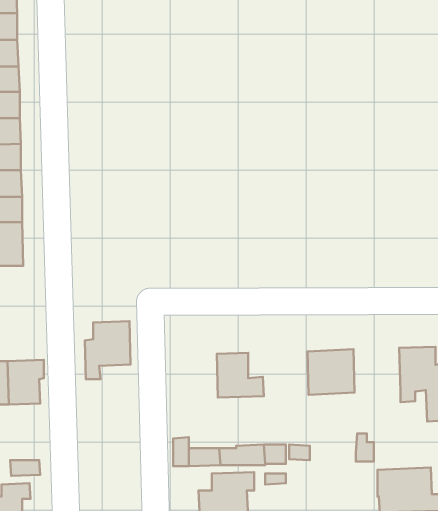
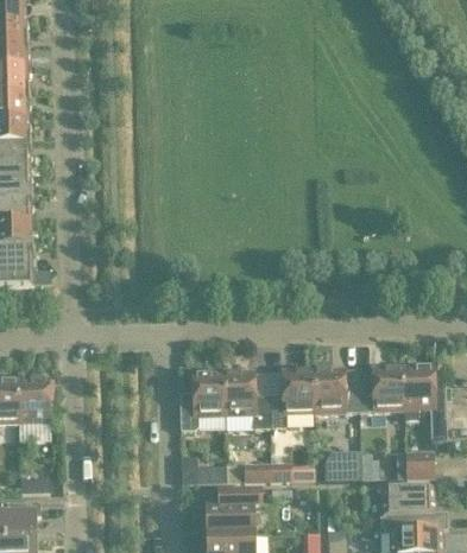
building: [85,321,131,379] -> [178,375,223,432]
building: none -> [356,369,403,413]
building: none -> [267,373,313,430]
building: none -> [404,452,434,479]
building: none -> [323,453,359,482]

